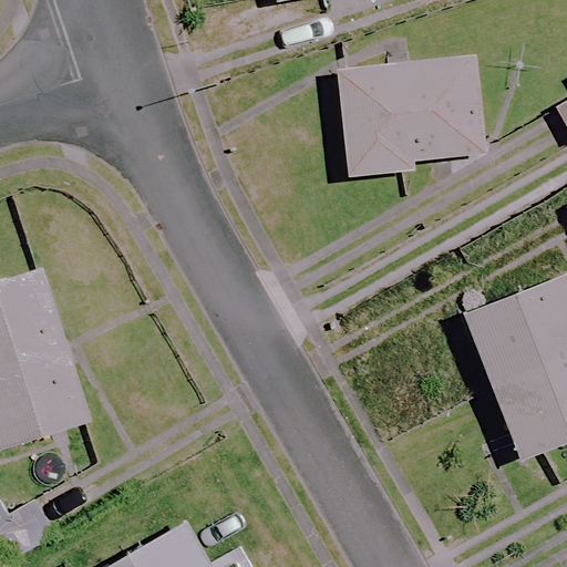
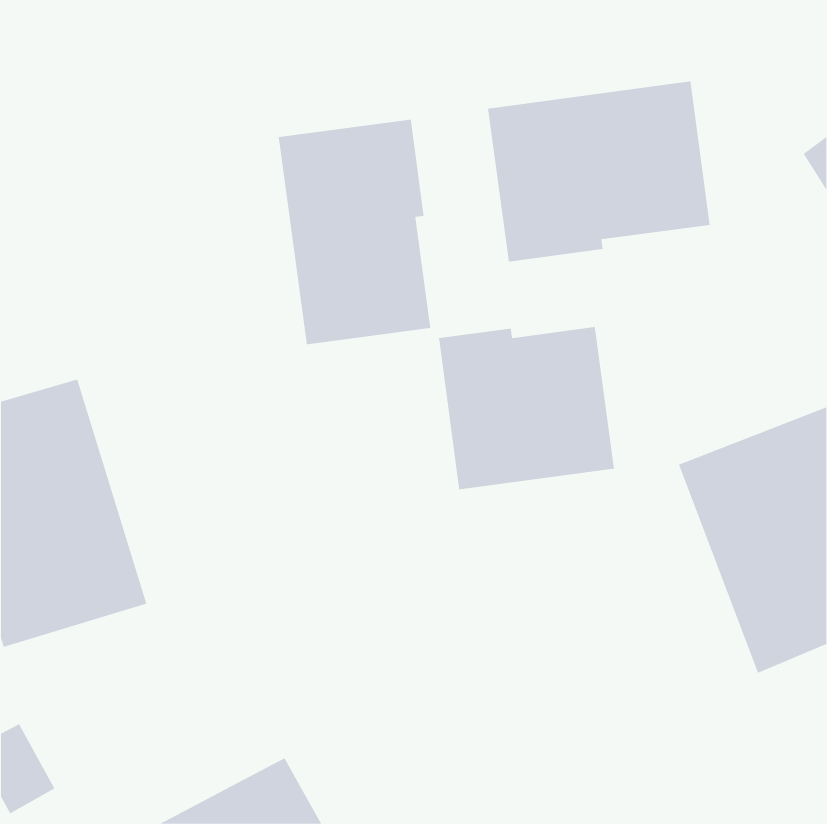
building: none -> [278,119,431,345]
building: none -> [438,326,614,490]

